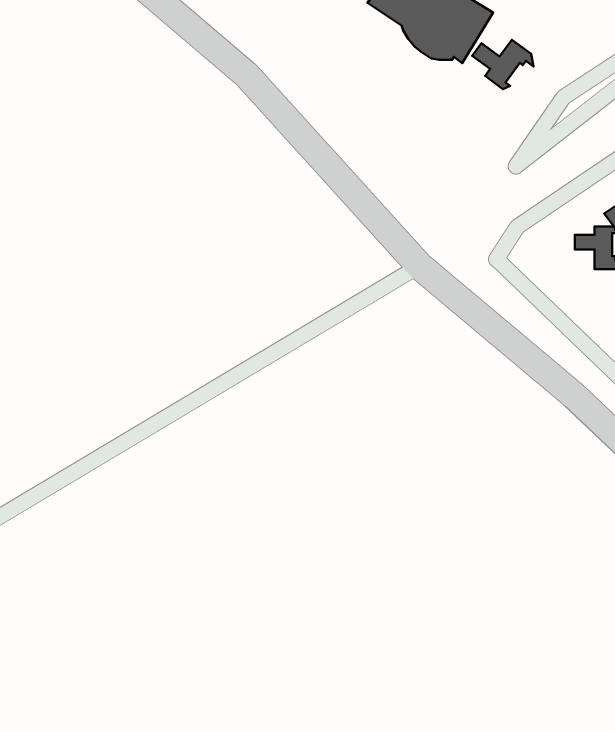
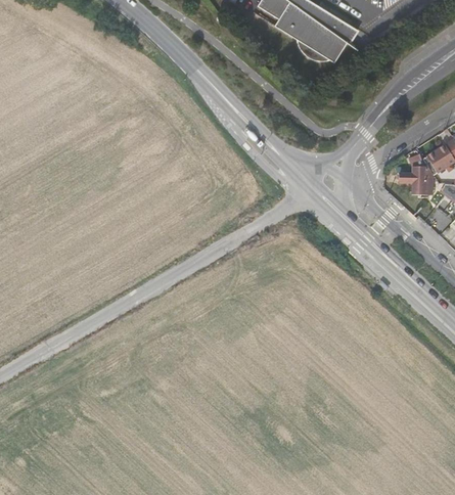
building: [472,40,533,89] -> none

